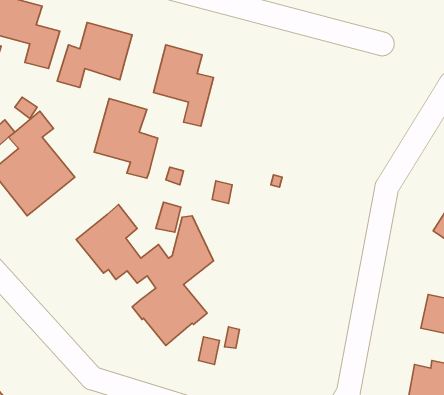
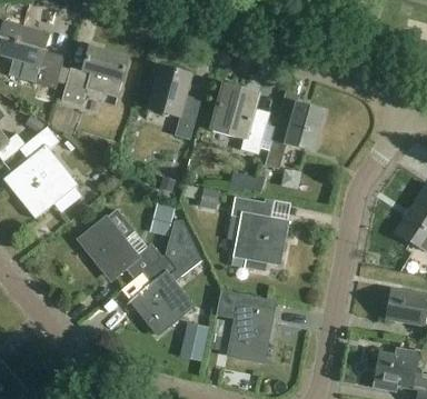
building: none -> [265,103,324,168]
building: [94,98,158,178] -> [211,83,268,154]
building: none -> [231,196,288,270]
building: none -> [216,289,270,361]

